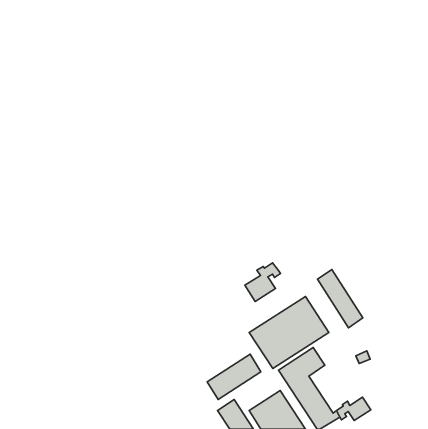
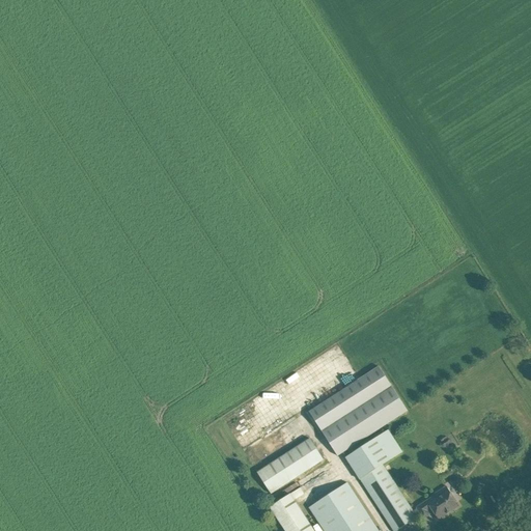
building: [245,263,281,302] -> none
building: [317,269,363,328] -> none

